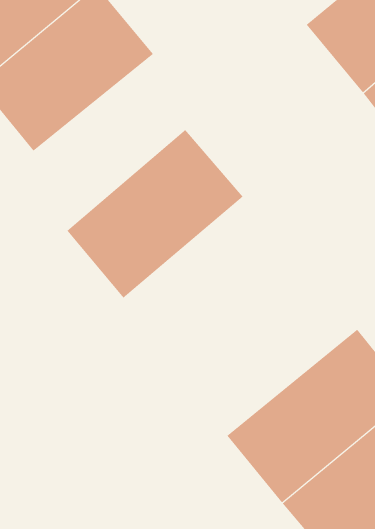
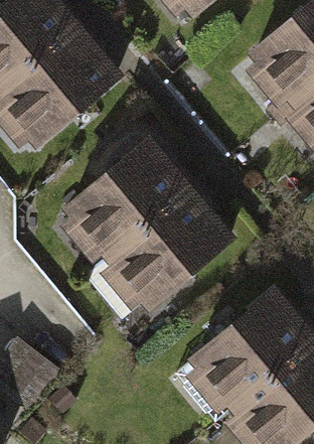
building: none -> [105,185,241,314]

